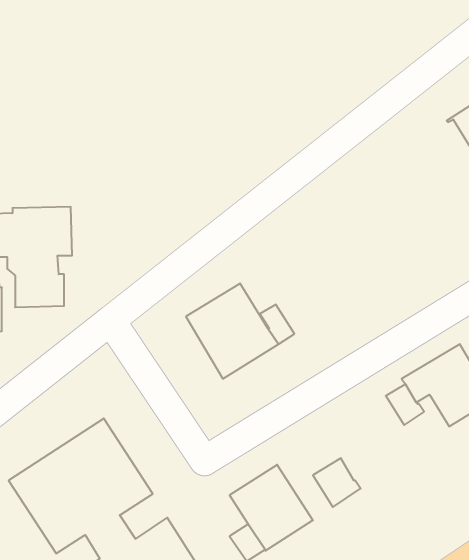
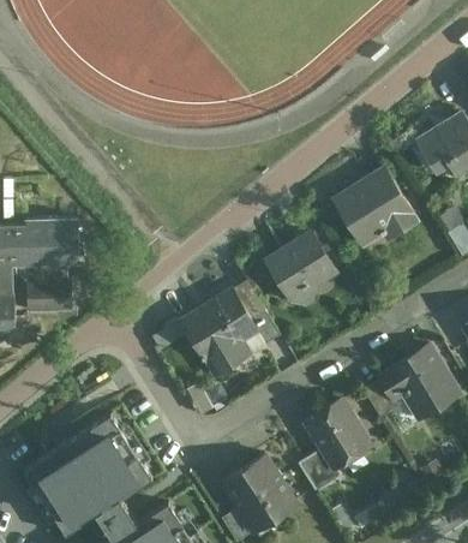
building: none -> [335,167,419,244]
building: none -> [269,232,336,297]
building: none -> [306,398,371,466]

